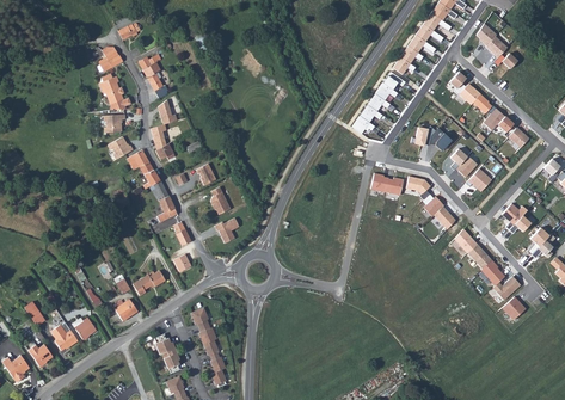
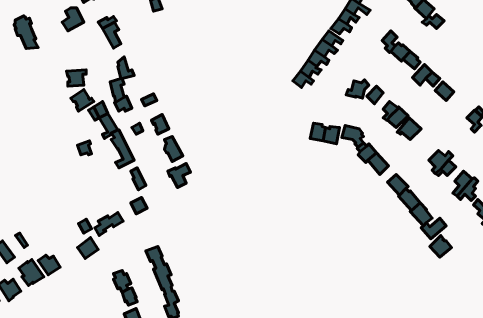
building: [99,74,125,110] -> [14,16,38,49]

